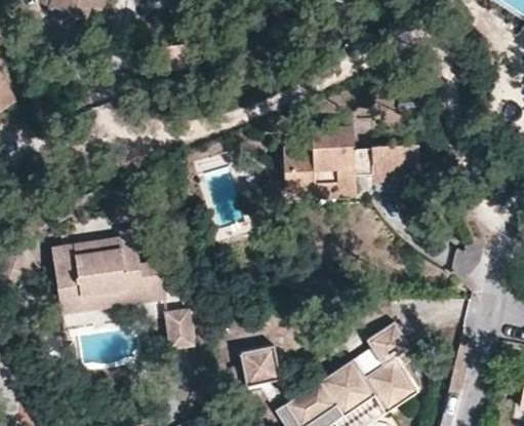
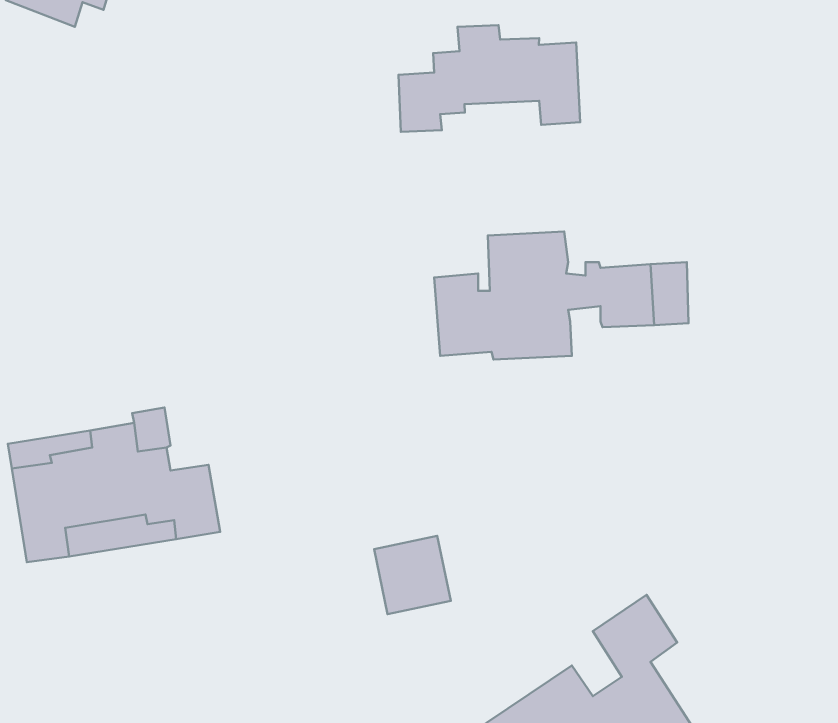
building: none -> [399,25,580,132]
building: [164,300,192,339] -> none
building: [239,343,280,385] -> [374,536,451,614]

